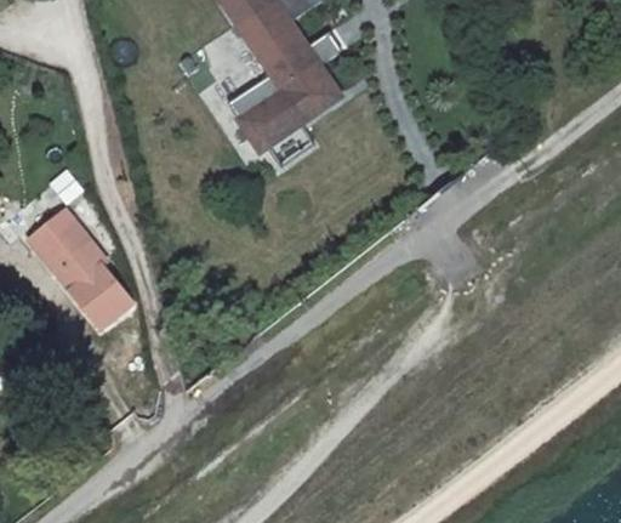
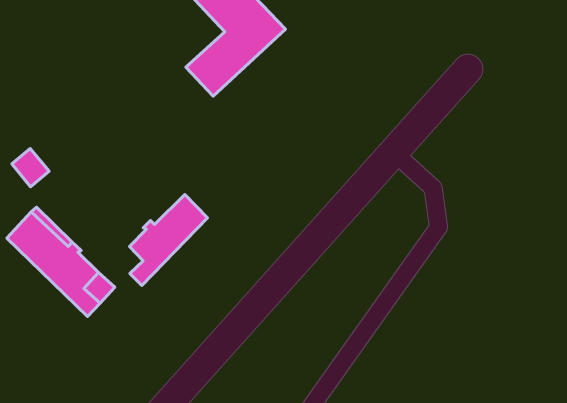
building: none -> [129,194,208,285]

